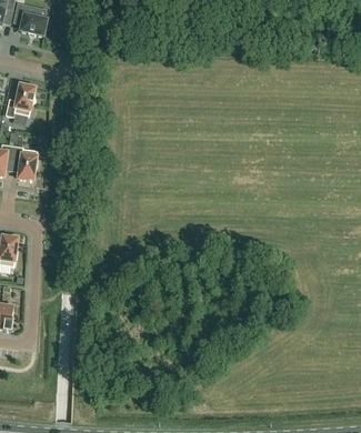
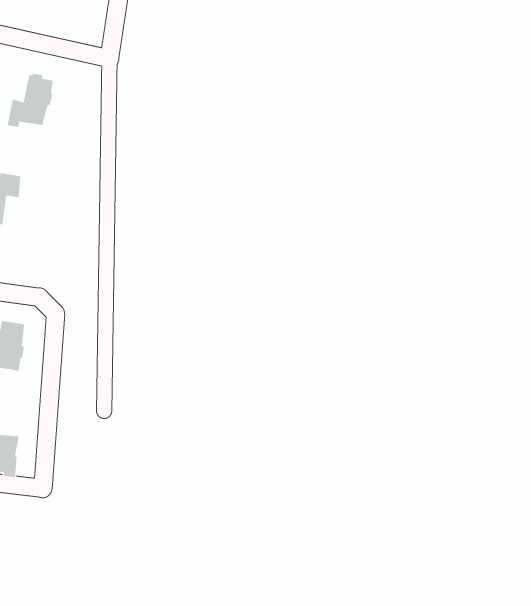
building: [13,144,37,178] -> none

